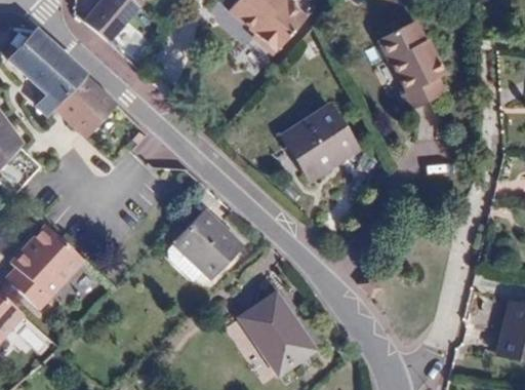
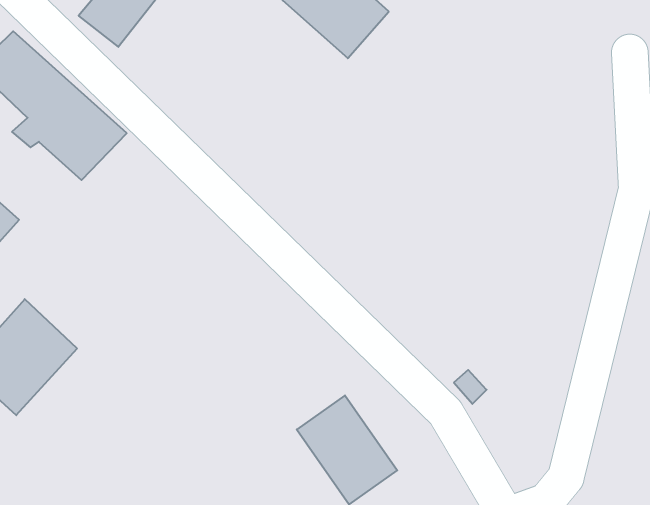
building: [380,20,447,109] -> none
building: [282,105,356,178] -> none
building: [175,210,243,277] -> none

